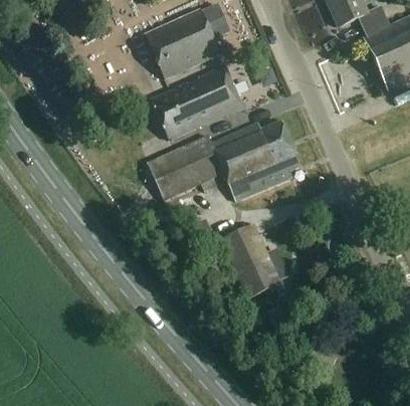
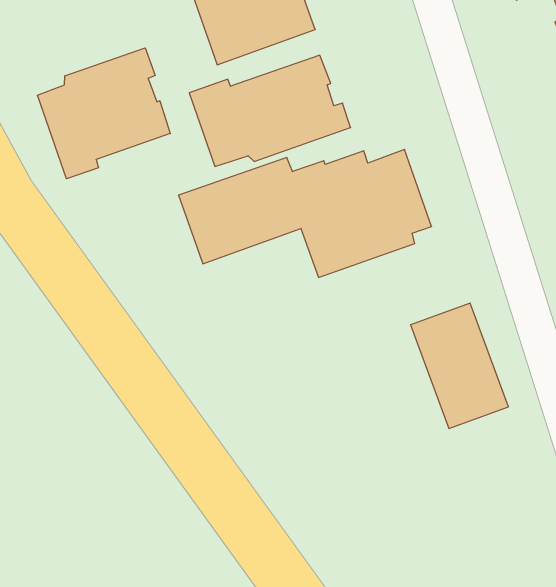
building: none -> [38,48,170,179]
building: [221,221,283,296] -> [411,303,508,429]

